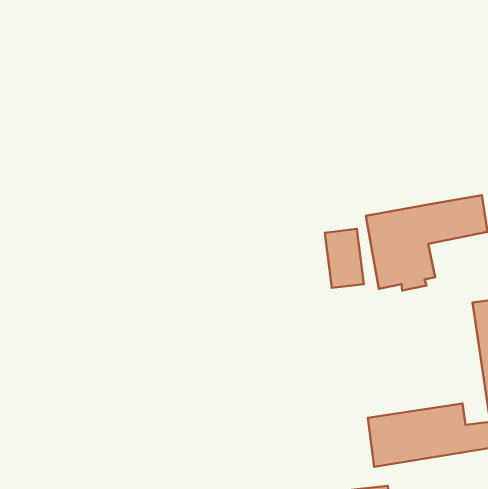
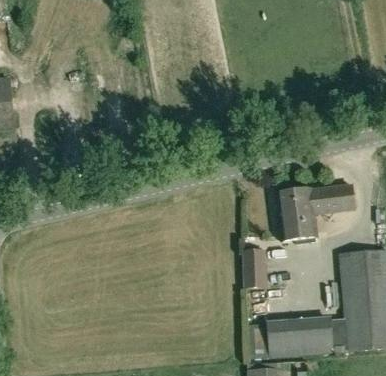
building: [325,229,364,288] -> [243,250,266,287]

